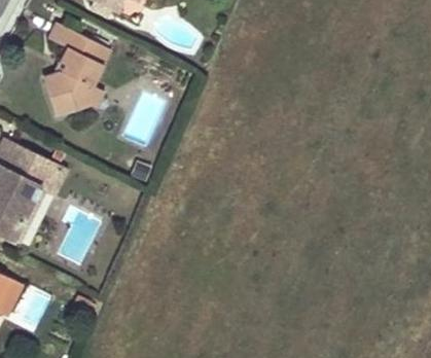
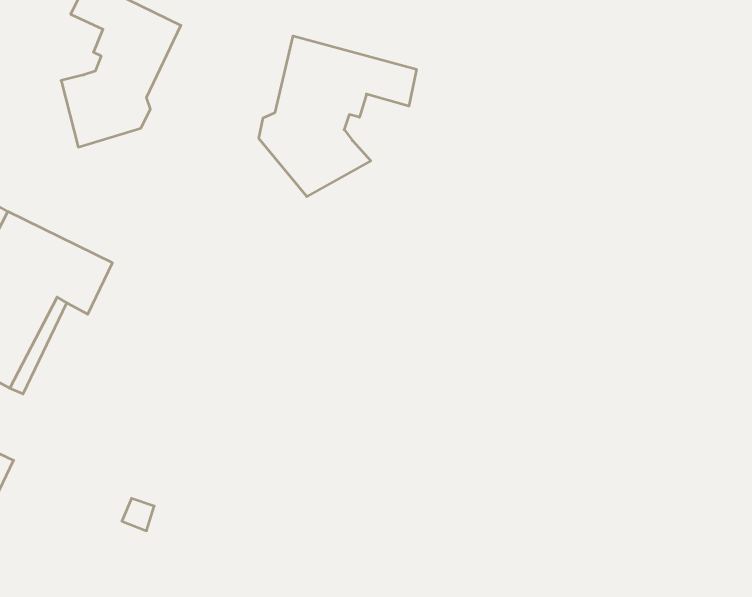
building: none -> [259,36,416,197]

